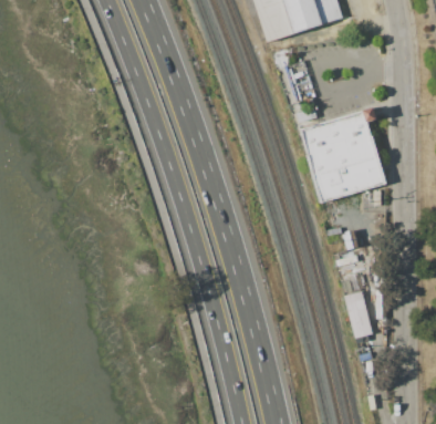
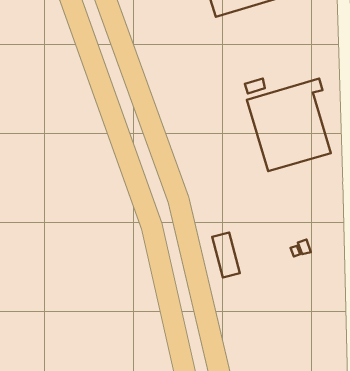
building: [344,291,373,338] -> [212,233,240,277]

